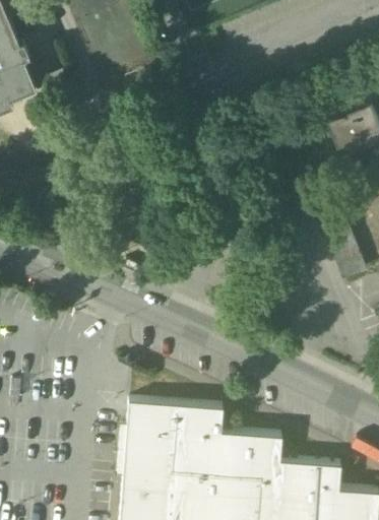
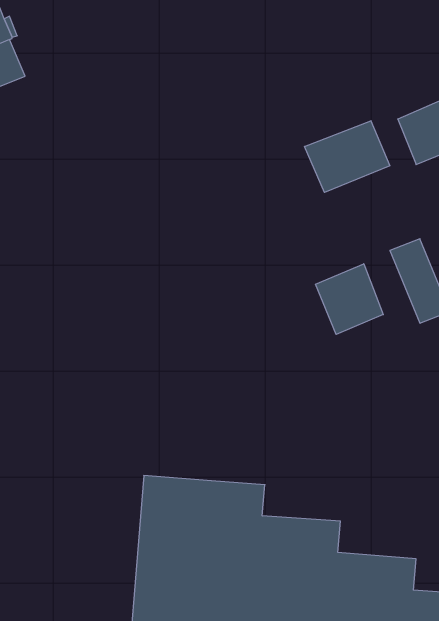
building: none -> [305,121,390,192]
building: none -> [316,264,383,334]

